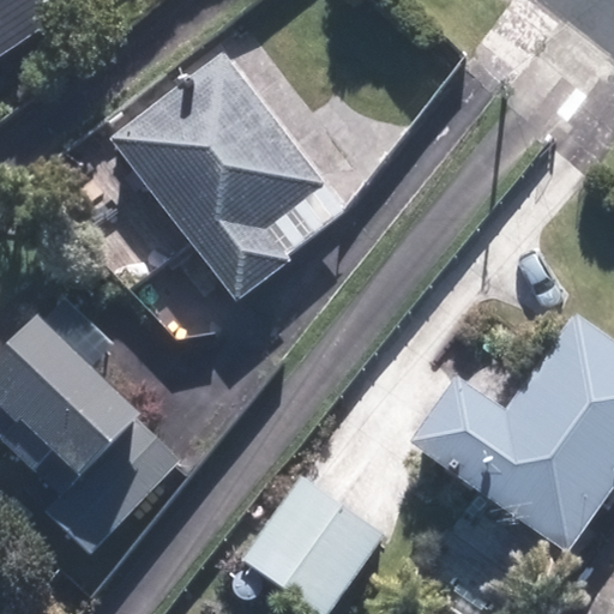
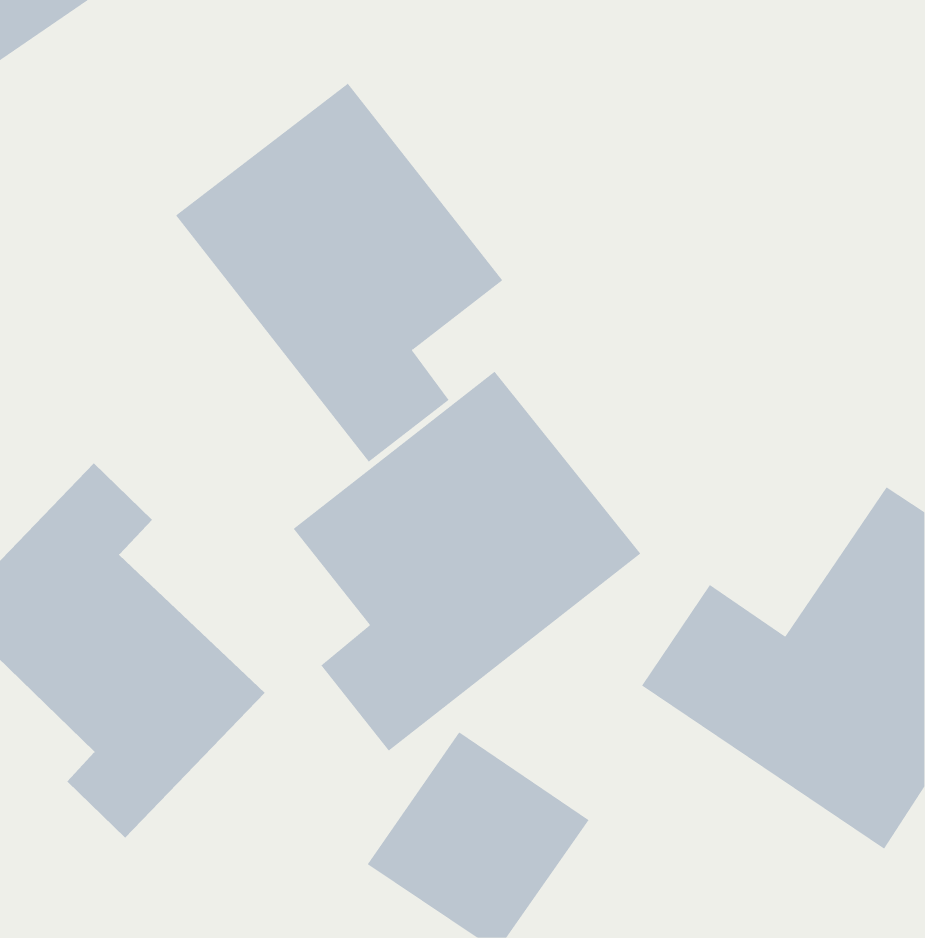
building: none -> [293,371,641,751]

